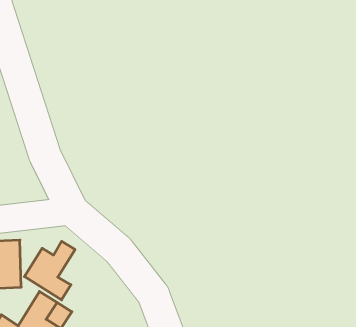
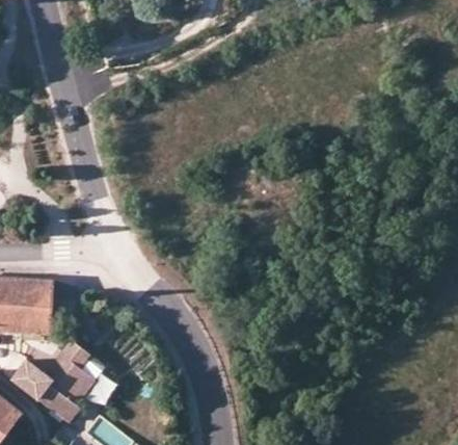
building: [24,241,75,300] -> none

